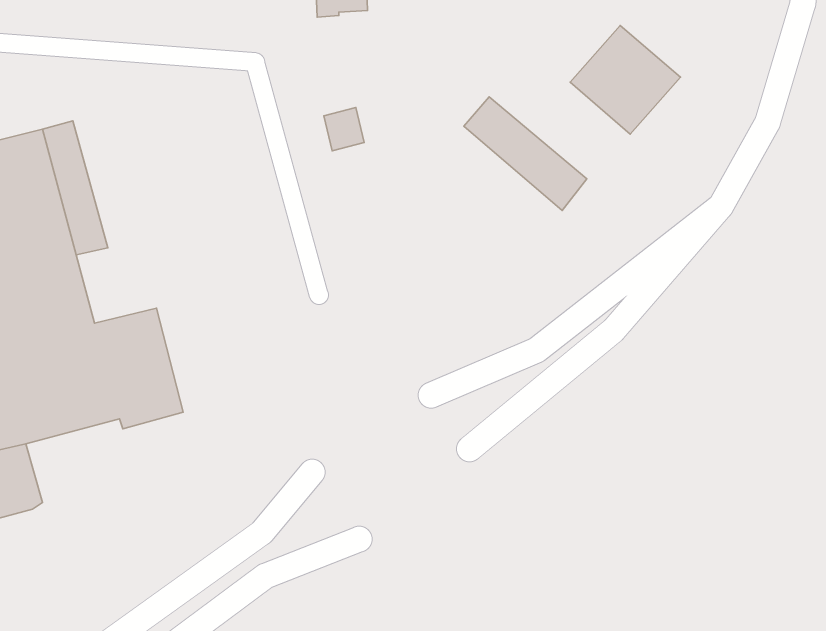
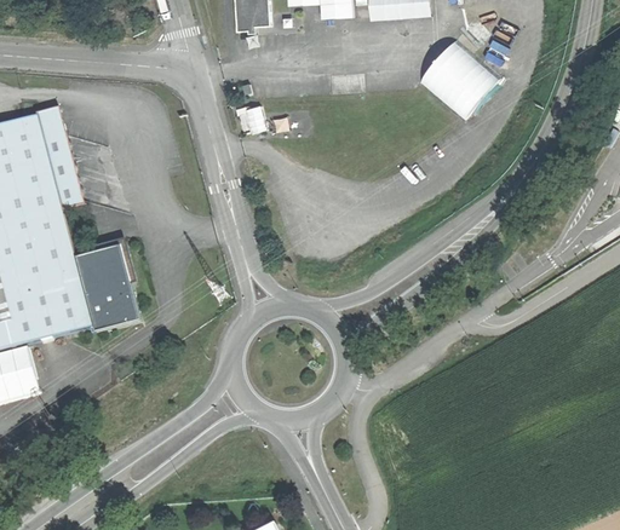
building: [464,97,587,211] -> none

